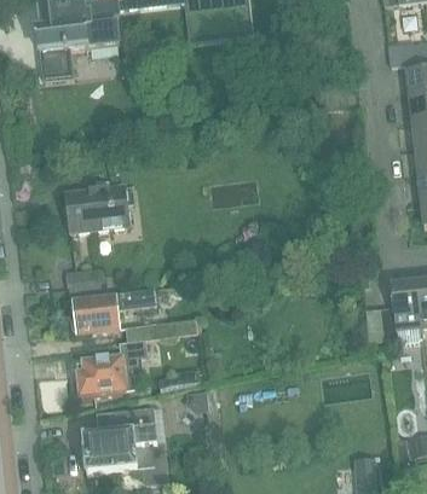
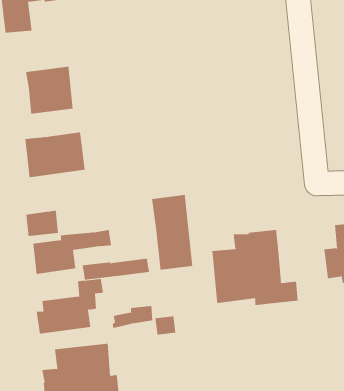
building: none -> [26,66,73,114]
building: none -> [152,194,193,270]
building: none -> [212,229,298,306]

